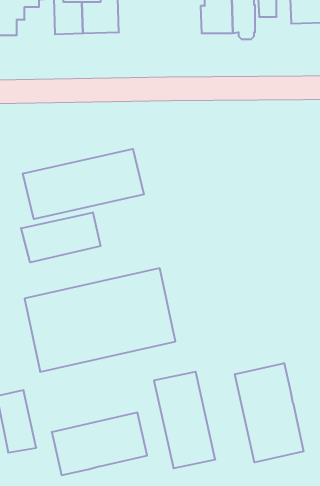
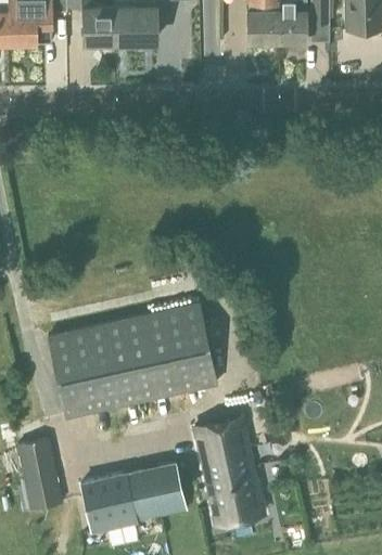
building: [23,149,144,219] -> none
building: [21,212,100,262] -> none
building: [235,363,304,462] -> none

